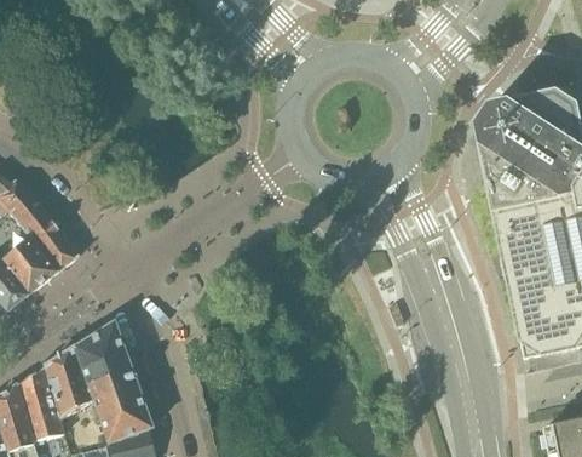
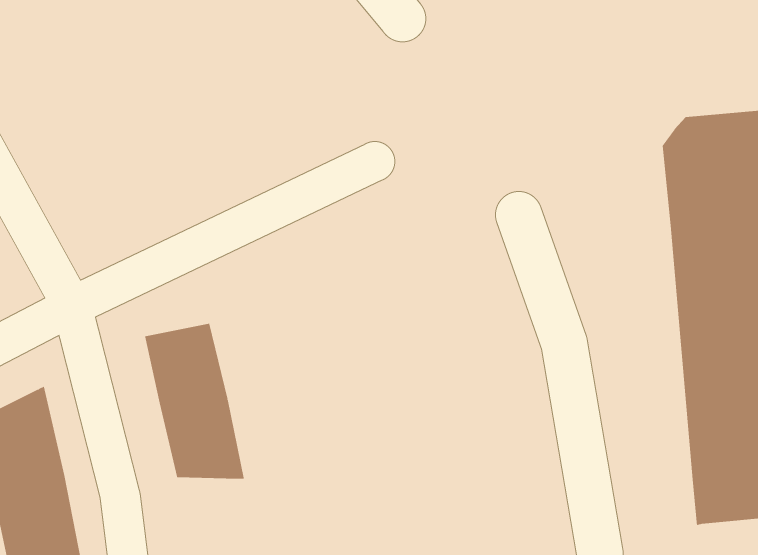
building: none -> [144,323,245,480]

